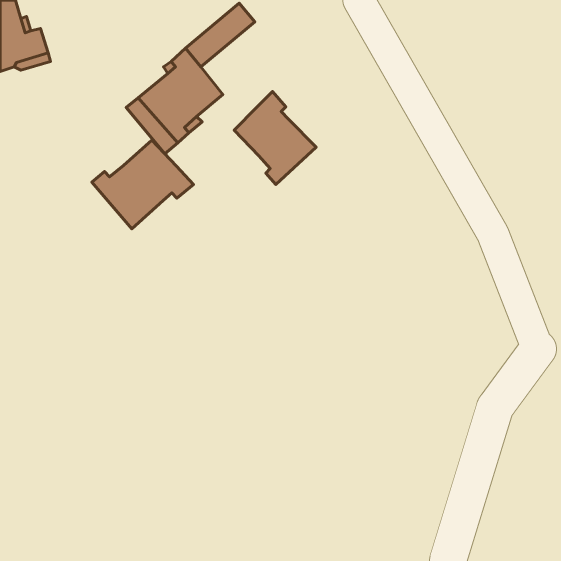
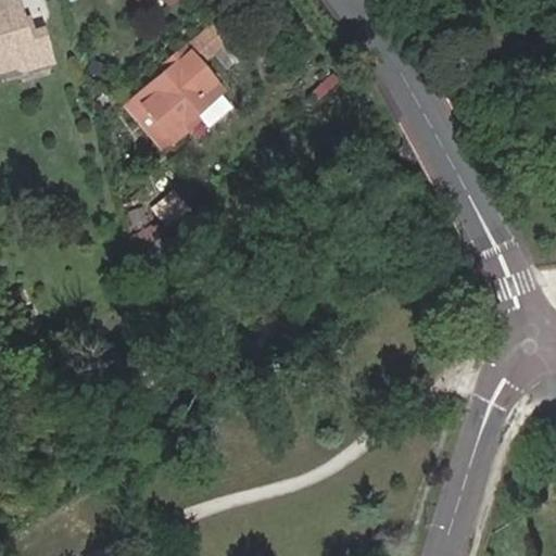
building: [234,92,316,185] -> none
building: [92,140,193,229] -> none

